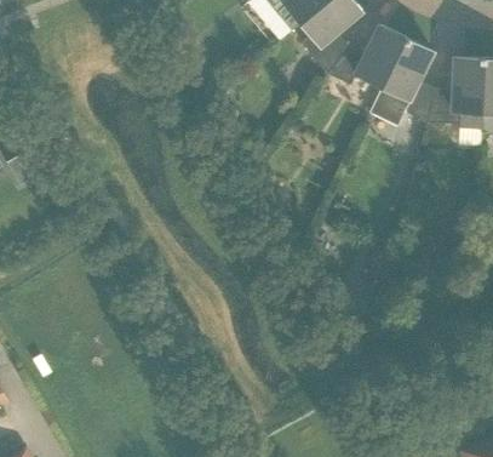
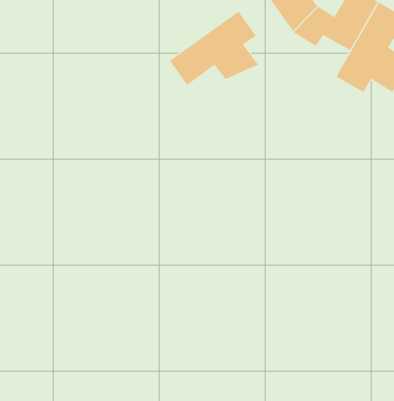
building: none -> [169,11,259,86]

